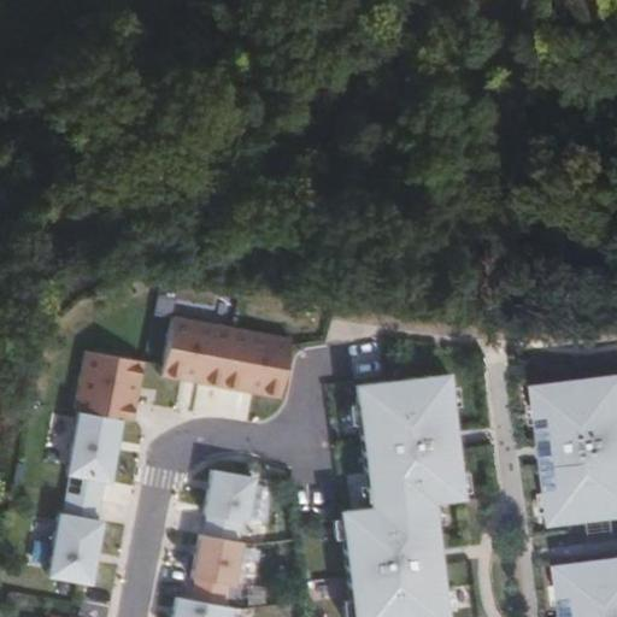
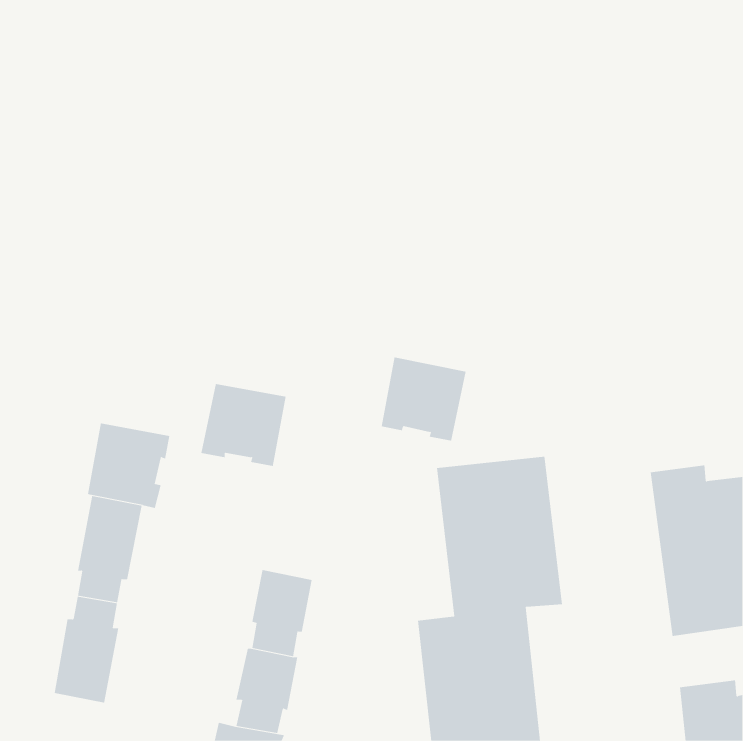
building: [227,329,298,399] -> [381,357,467,441]

